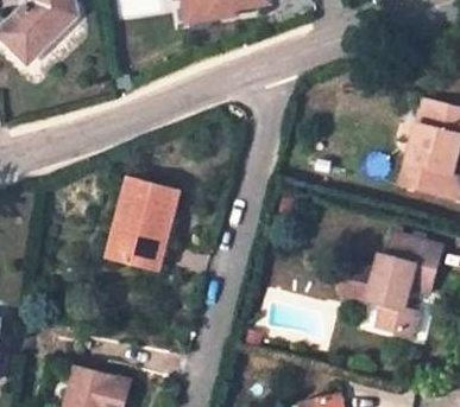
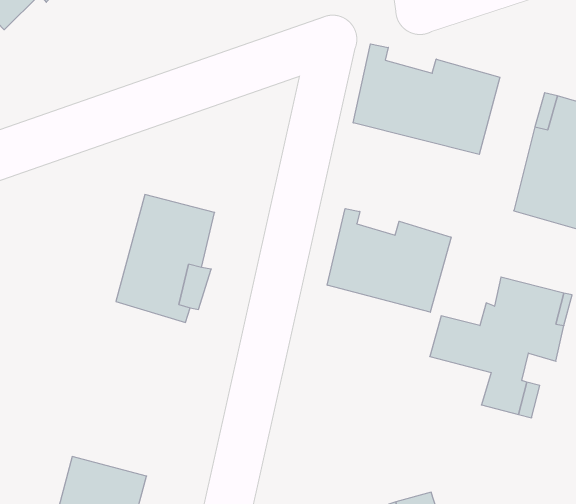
building: none -> [353,44,500,154]
building: none -> [327,209,451,312]

